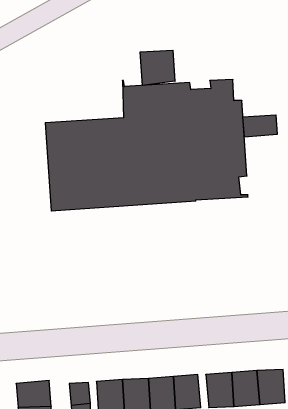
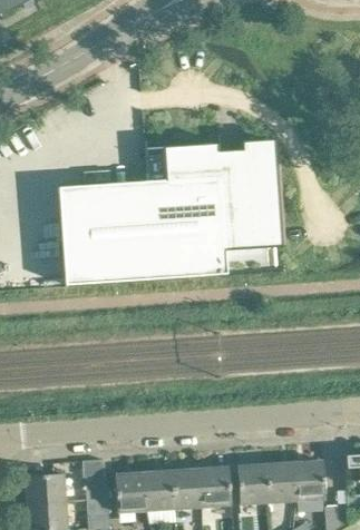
building: [140,50,175,85] -> none
building: [243,115,277,137] -> none

